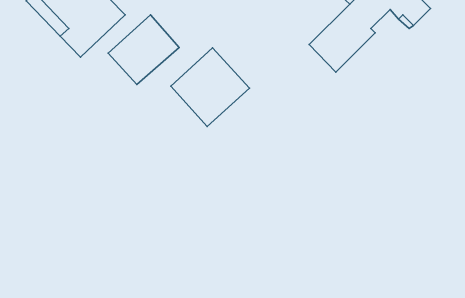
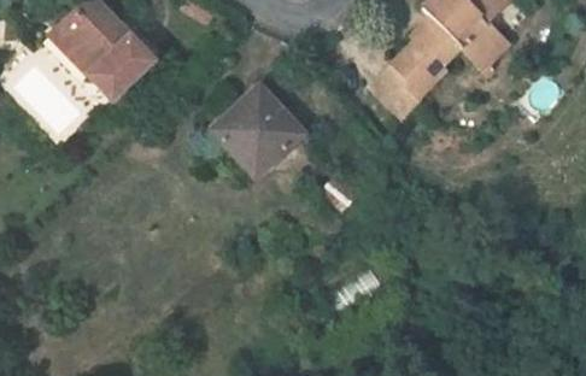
building: [108,15,179,85] -> none

